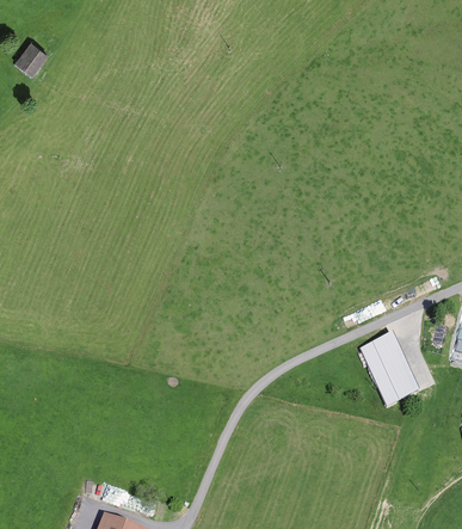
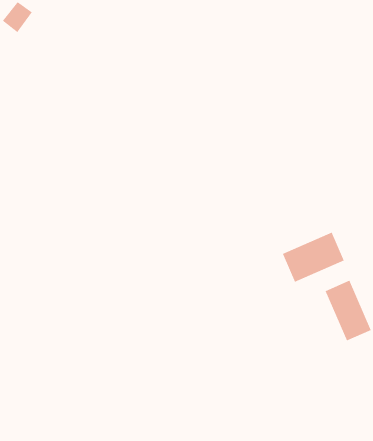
building: none -> [282,232,345,283]

